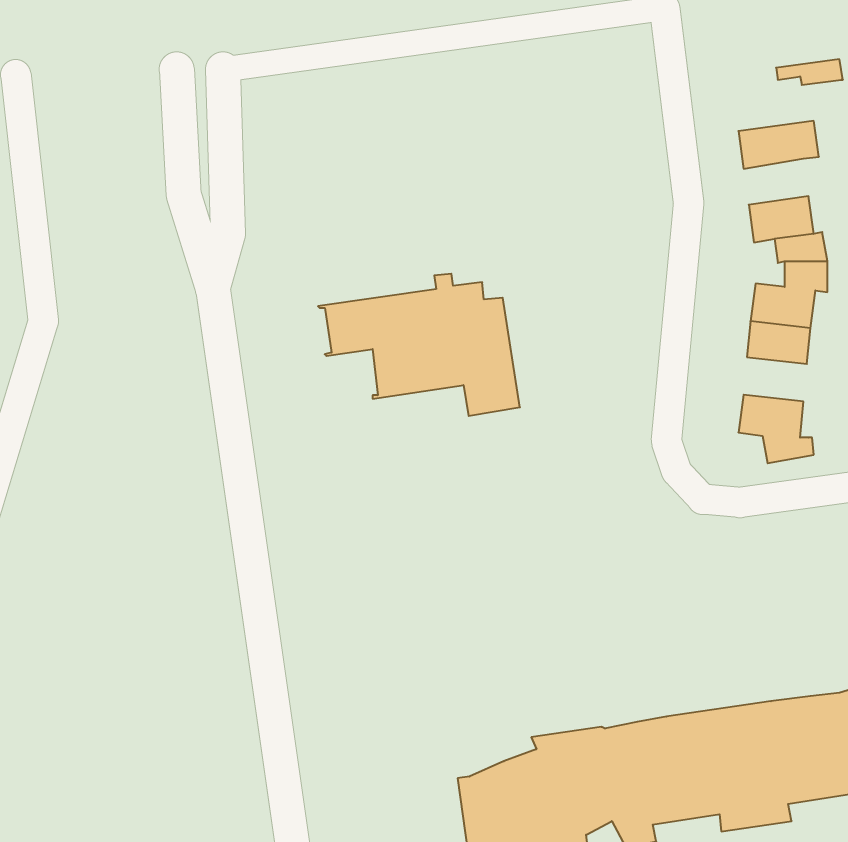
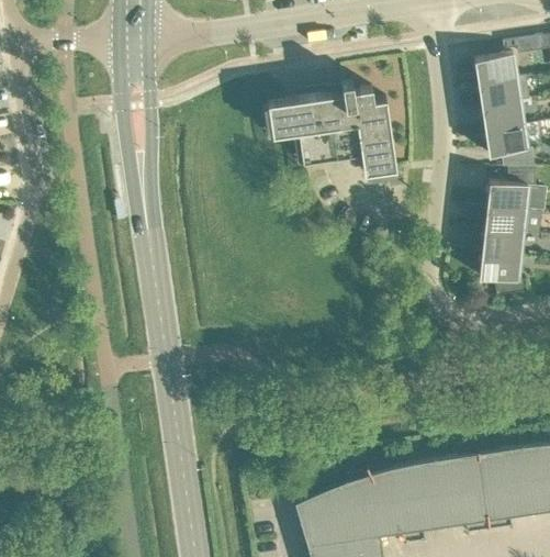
building: none -> [474,56,527,86]
building: none -> [482,103,524,133]
building: [318,274,520,416] -> [268,85,397,176]
building: none -> [482,231,523,259]

